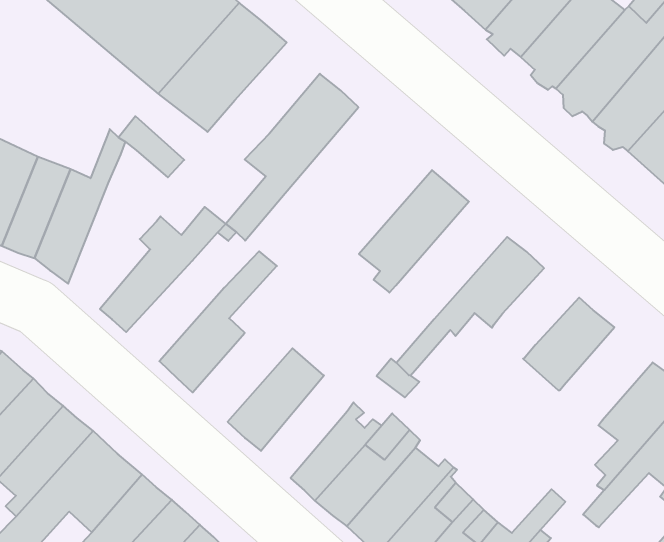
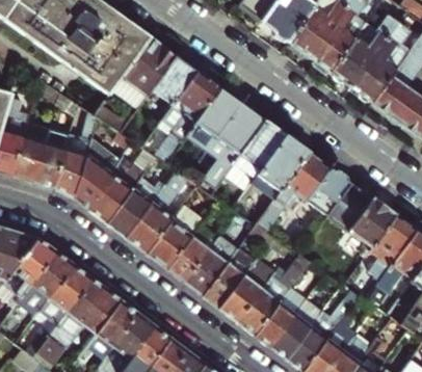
building: none -> [153,54,206,107]
building: none -> [185,88,265,196]
building: none -> [70,141,115,212]
building: none -> [250,135,310,202]
building: none -> [104,181,156,238]
building: none -> [306,168,352,218]
building: none -> [143,206,205,268]
building: none -> [348,197,396,249]
building: none -> [184,238,230,296]

